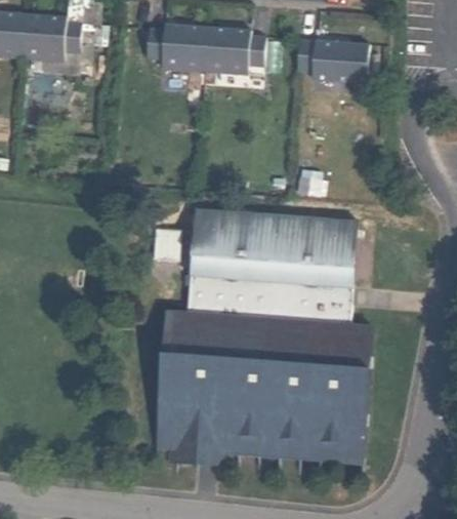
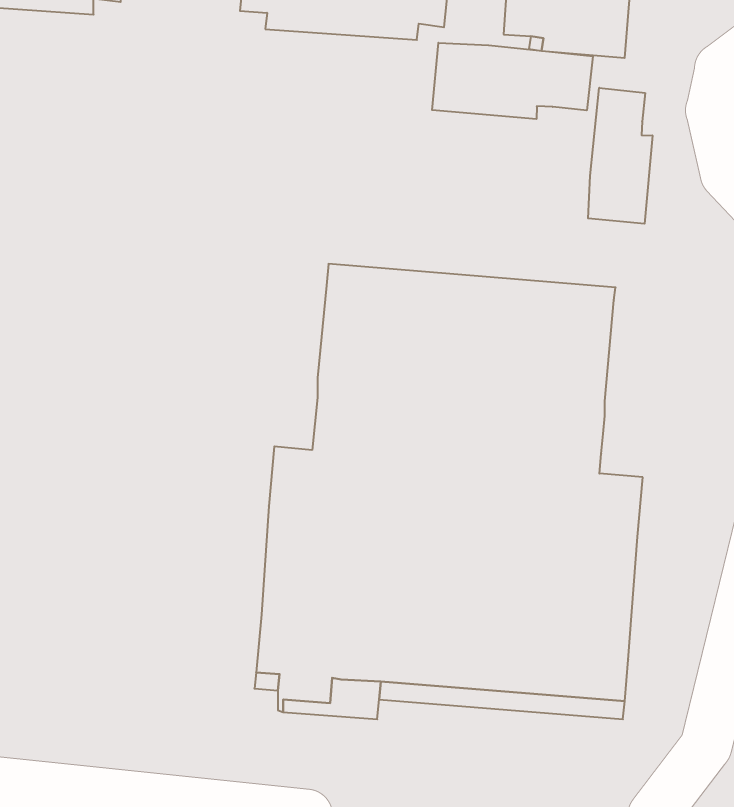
building: none -> [432,43,593,119]
building: none -> [588,88,652,224]

